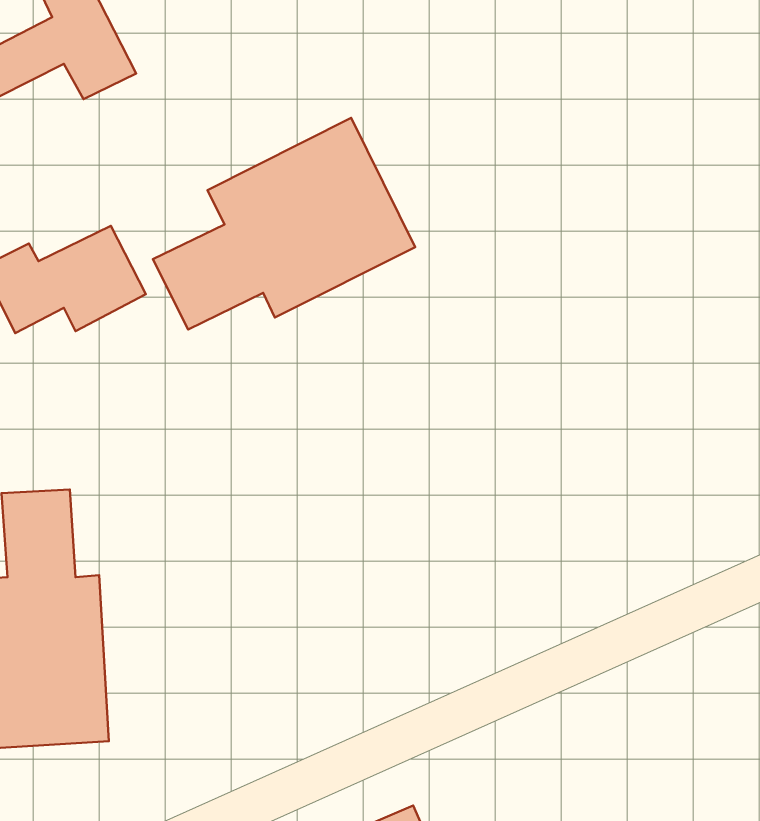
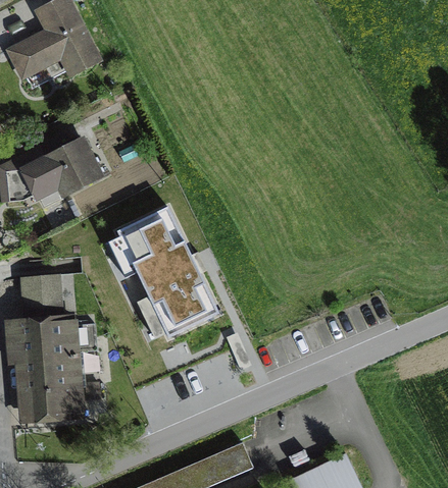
building: [153,118,415,329] -> none
building: none -> [118,213,218,339]

